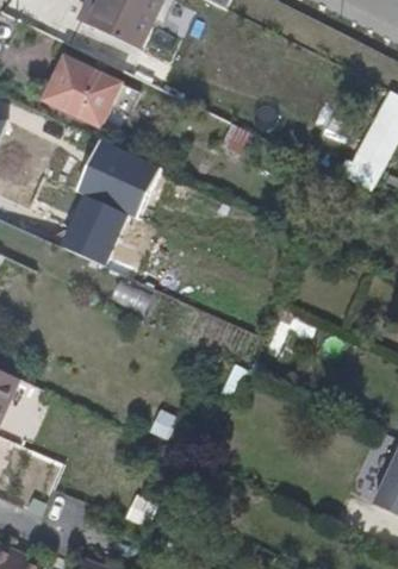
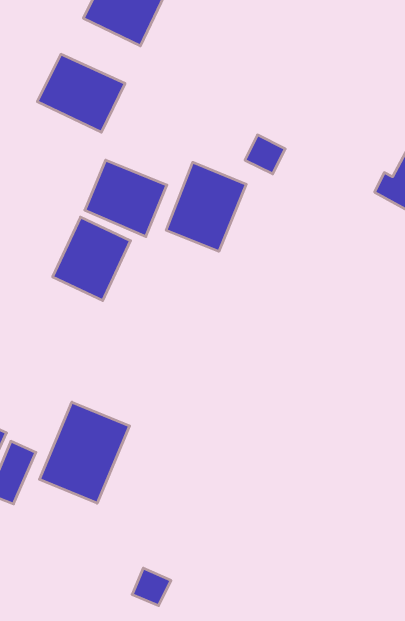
building: none -> [166,162,246,251]
building: none -> [39,402,130,503]

